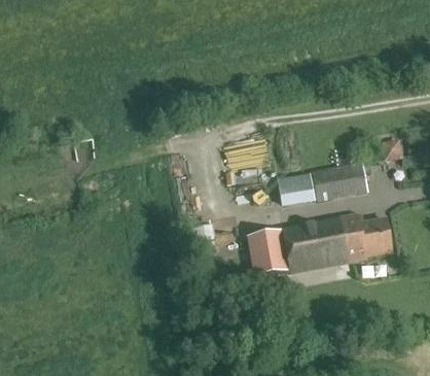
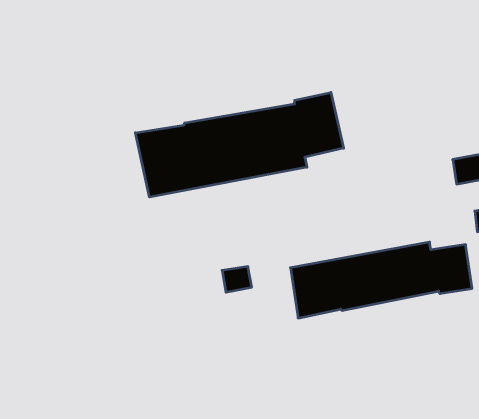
building: none -> [135,92,344,197]
building: [278,161,369,207] -> none

